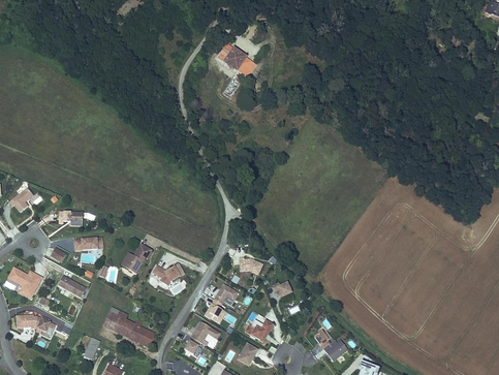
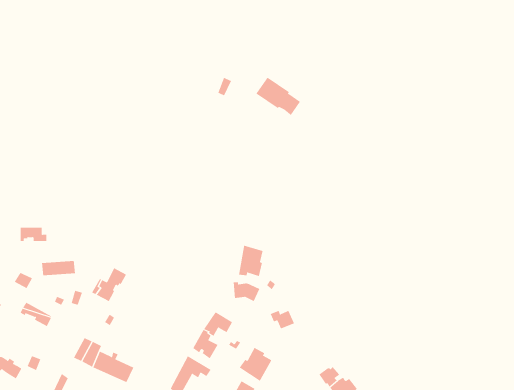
building: [217,42,256,76] -> [255,77,301,116]
building: none -> [238,245,263,277]
building: [152,262,186,285] -> none

